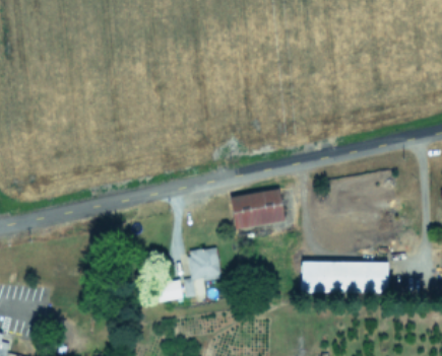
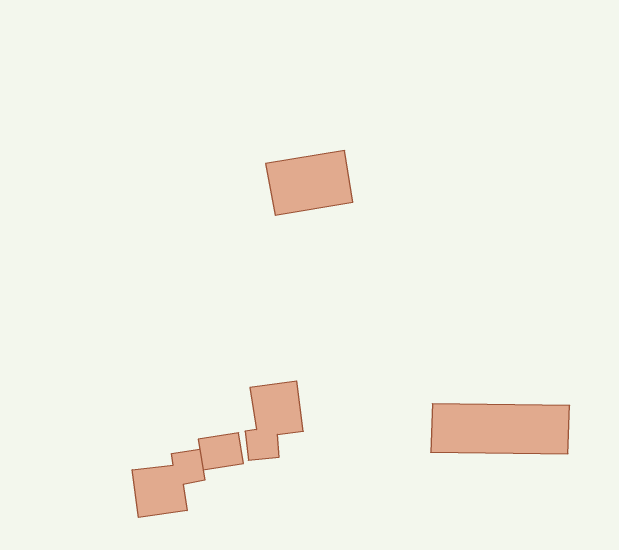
building: [230,189,285,229] -> [266,151,353,215]
building: none -> [132,449,205,517]

